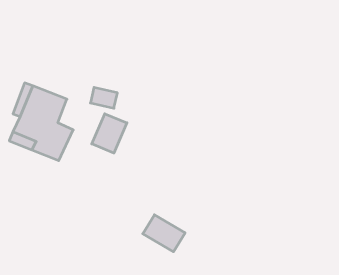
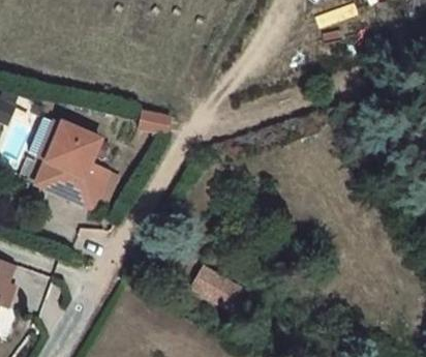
building: [92,114,127,153] -> none

